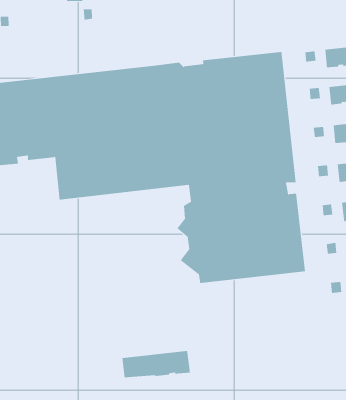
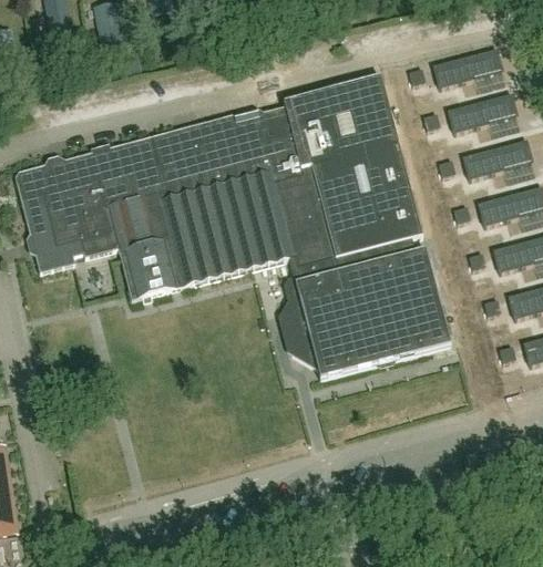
building: [122,350,190,378] -> none

